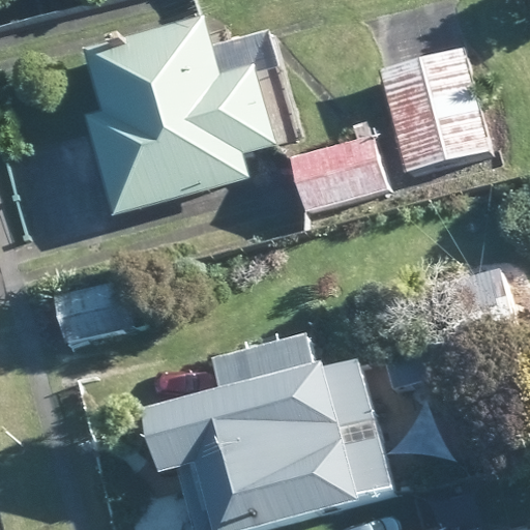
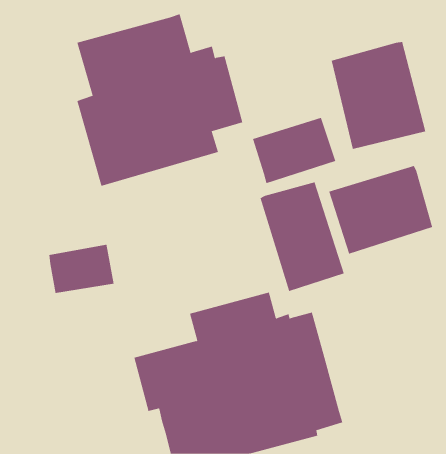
building: none -> [329,165,433,255]
building: none -> [260,182,345,292]

